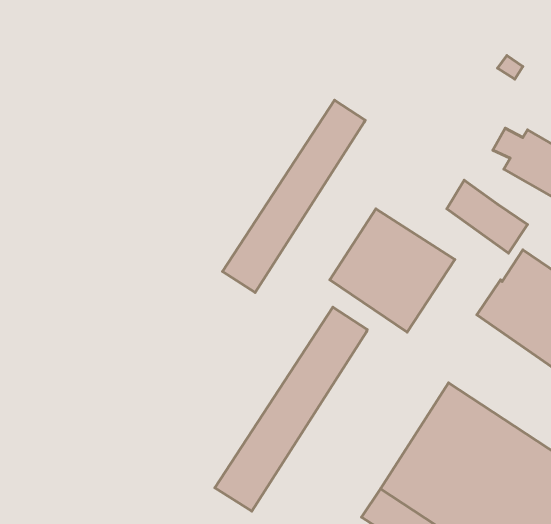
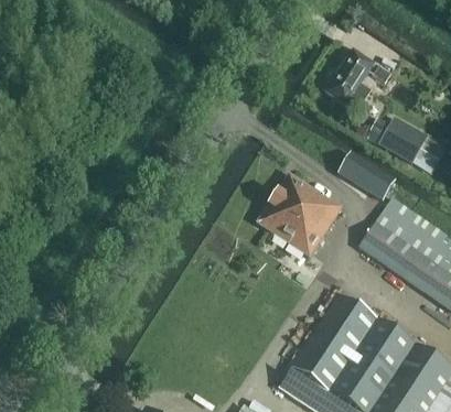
building: none -> [324,46,375,111]
building: [223,100,365,292] -> none
building: [215,307,367,511] -> none

